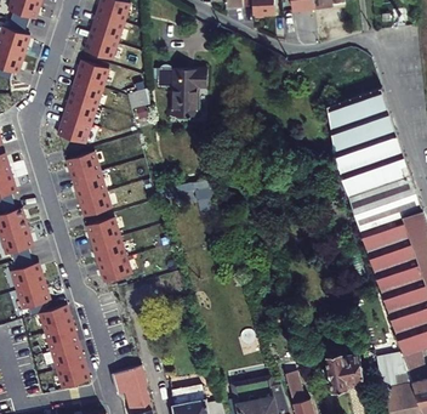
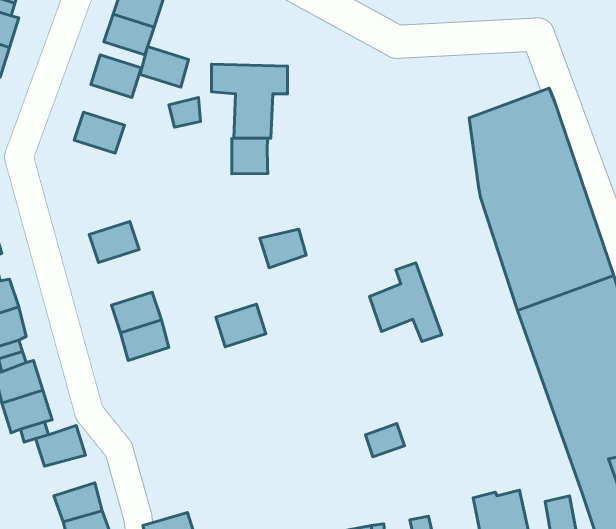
building: [72,81,103,108] -> [140,47,188,87]
building: none -> [232,138,268,174]
building: [59,118,92,146] -> none
building: [69,152,102,180] -> none
building: [81,189,114,216] -> none
building: none -> [369,263,442,341]
building: [101,254,133,282] -> [216,304,266,347]
building: [46,324,79,351] -> none

